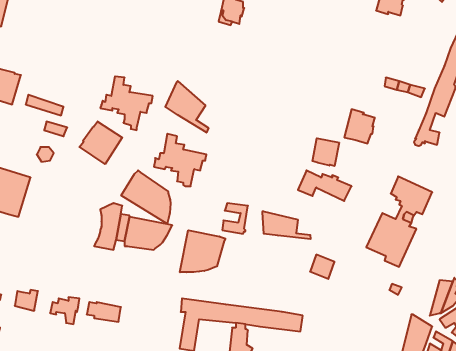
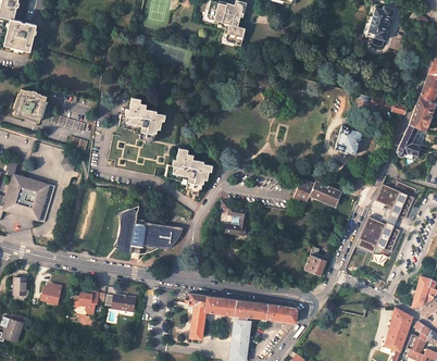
building: [165,81,208,133] -> none
building: [79,121,122,164] -> none
building: [312,138,339,166] -> none
building: [121,170,171,224] -> none
building: [262,211,311,239] -> none
building: [180,230,225,272] -> none

